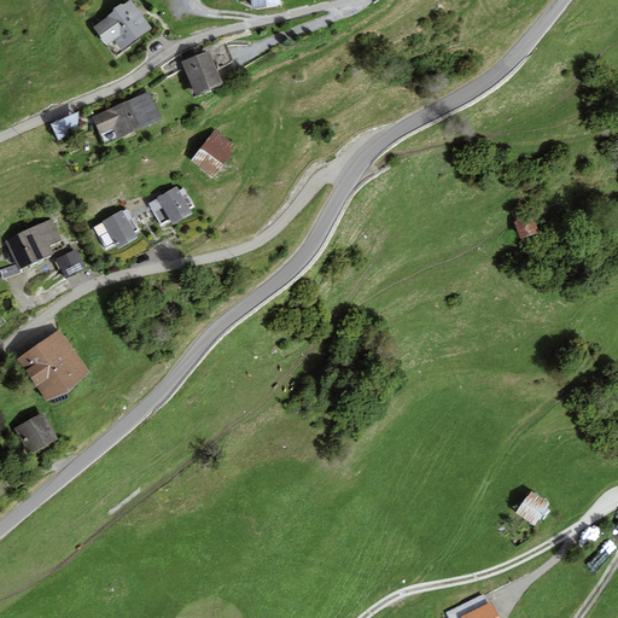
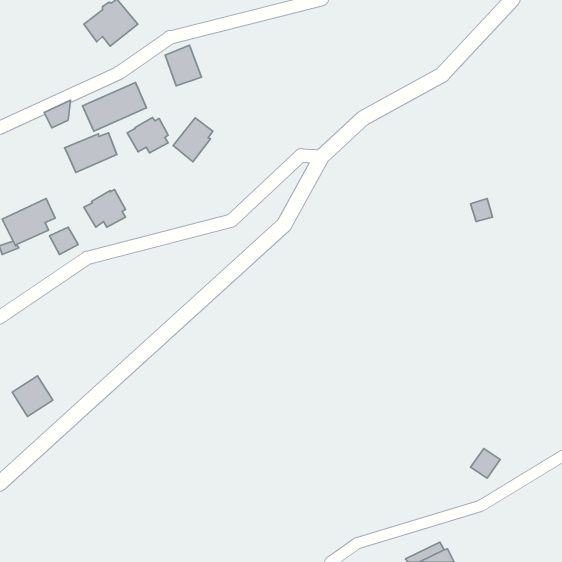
building: none -> [64,133,117,172]
building: [147,186,192,225] -> [127,118,168,153]
building: [16,328,88,400] -> none

